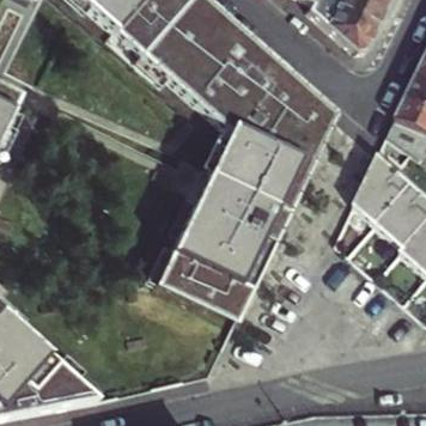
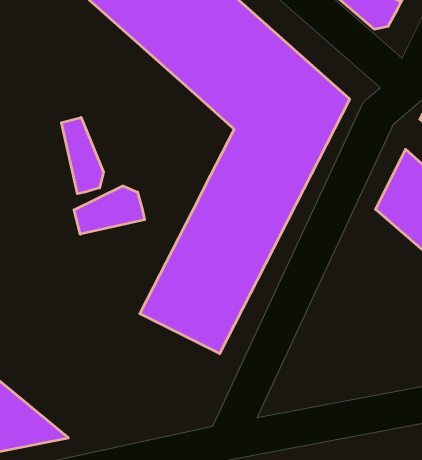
building: none -> [61,117,104,194]
building: none -> [74,186,145,234]

